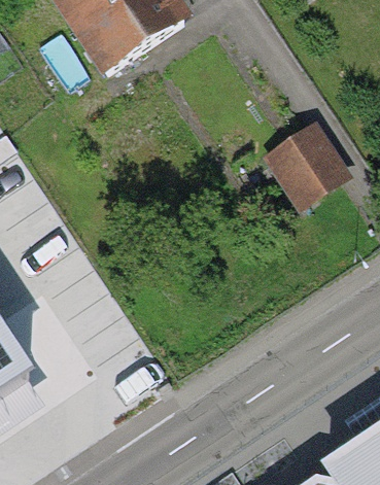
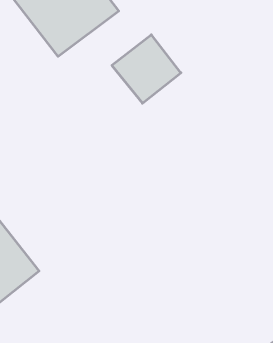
building: [262,125,346,208] -> [112,35,181,103]

